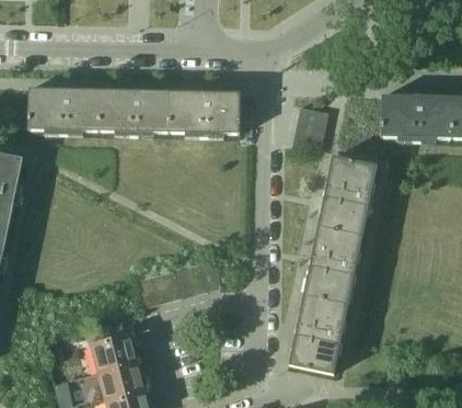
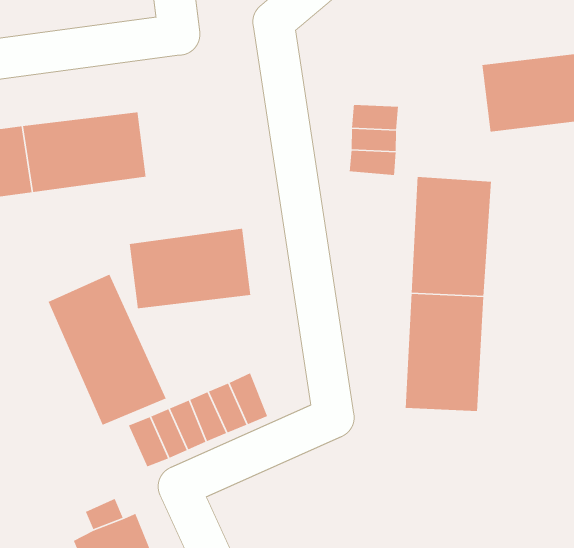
building: [169,91,240,134] -> [129,228,251,309]
building: none -> [48,274,167,426]
building: [289,295,347,373] -> none

